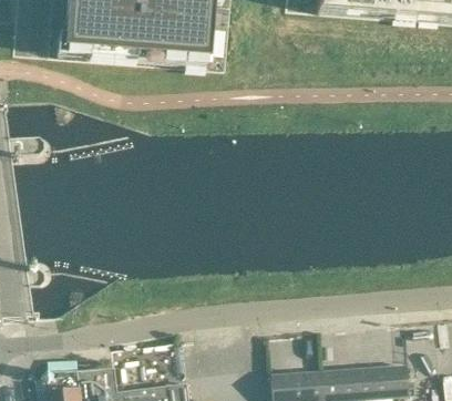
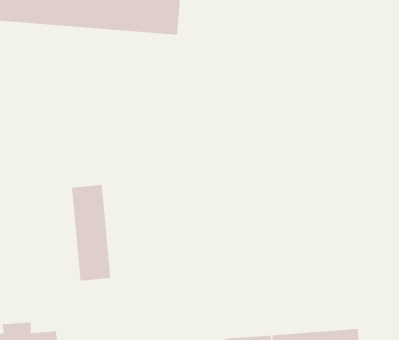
building: none -> [71,184,111,281]

